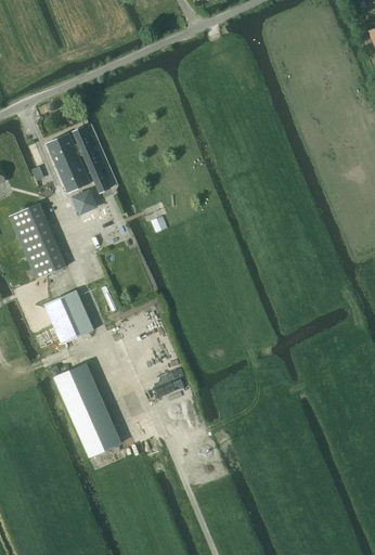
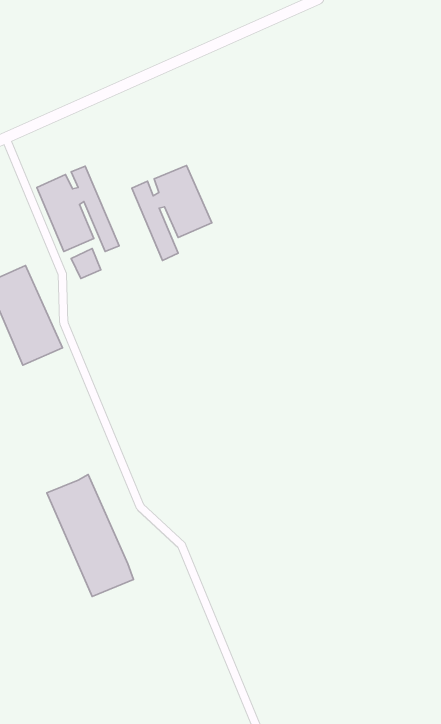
building: none -> [132,165,212,260]
building: [44,291,94,345] -> none

